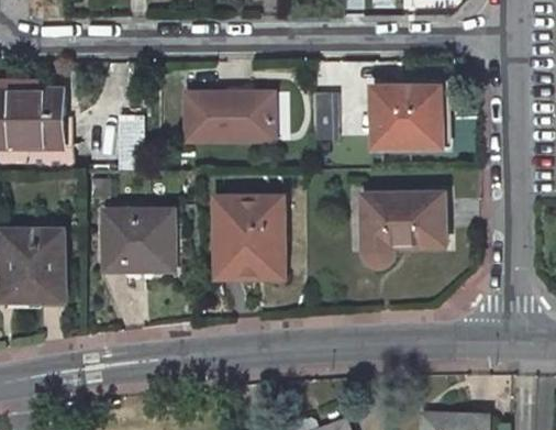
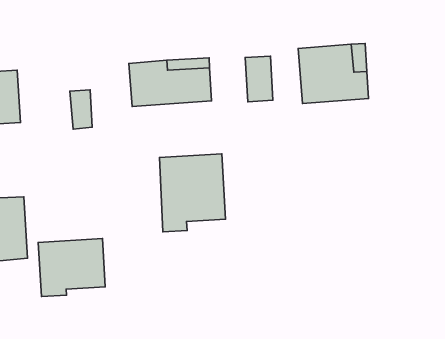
building: [363,194,445,266] -> none
building: [105,209,176,268] -> [38,239,105,297]

